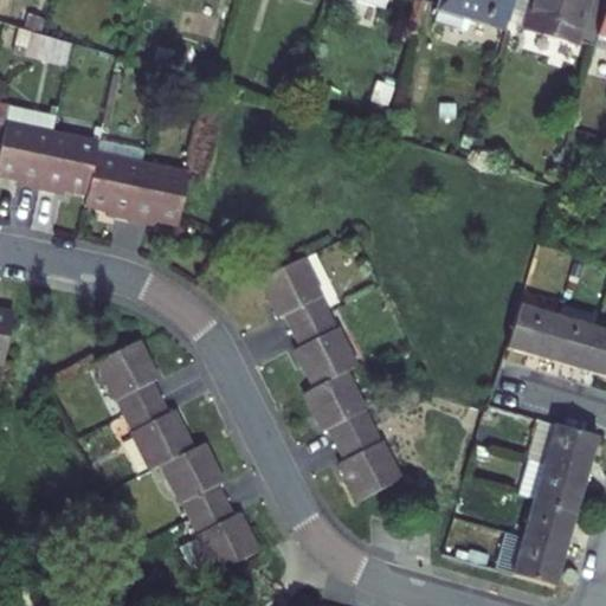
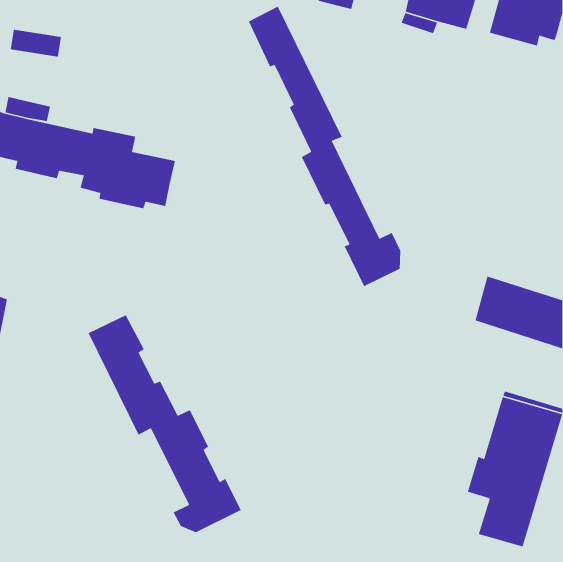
building: none -> [248,6,401,288]
building: [260,259,404,499] -> none

